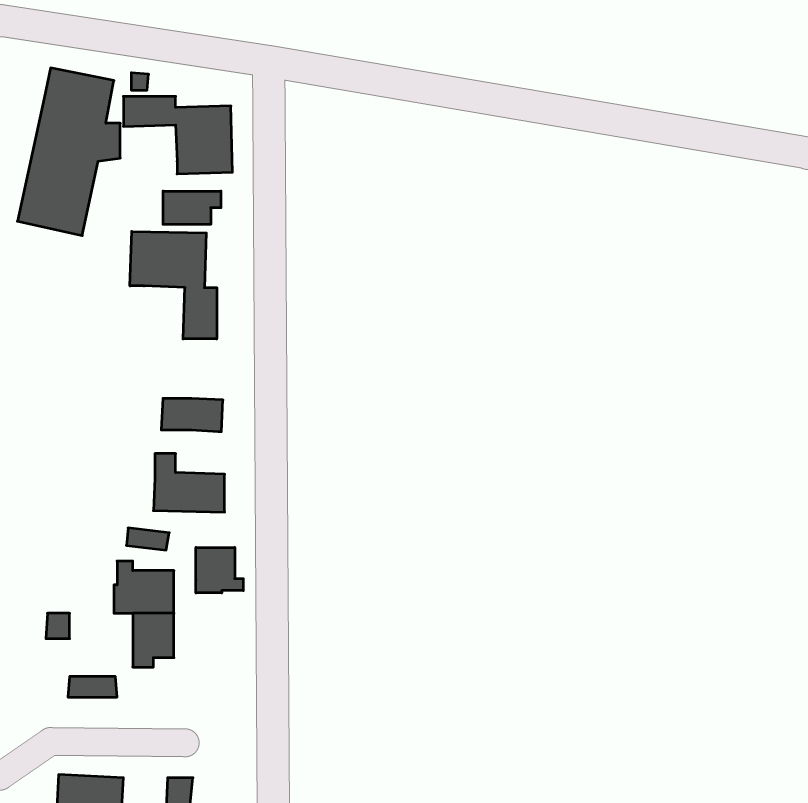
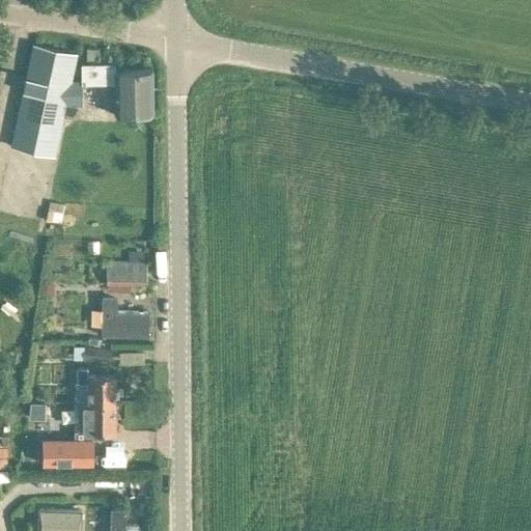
building: [163,191,221,224] -> none
building: [130,231,217,339] -> none
building: [196,547,243,593] -> none

